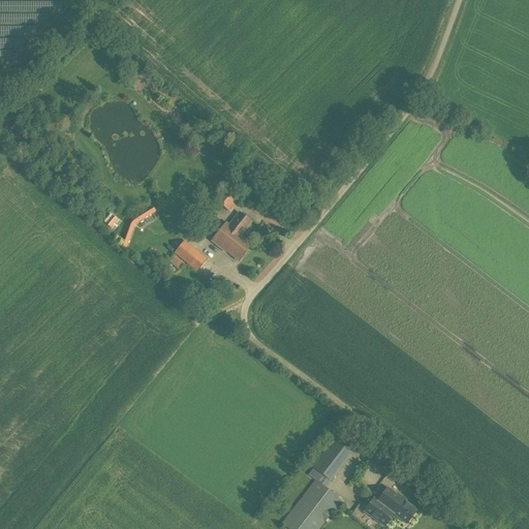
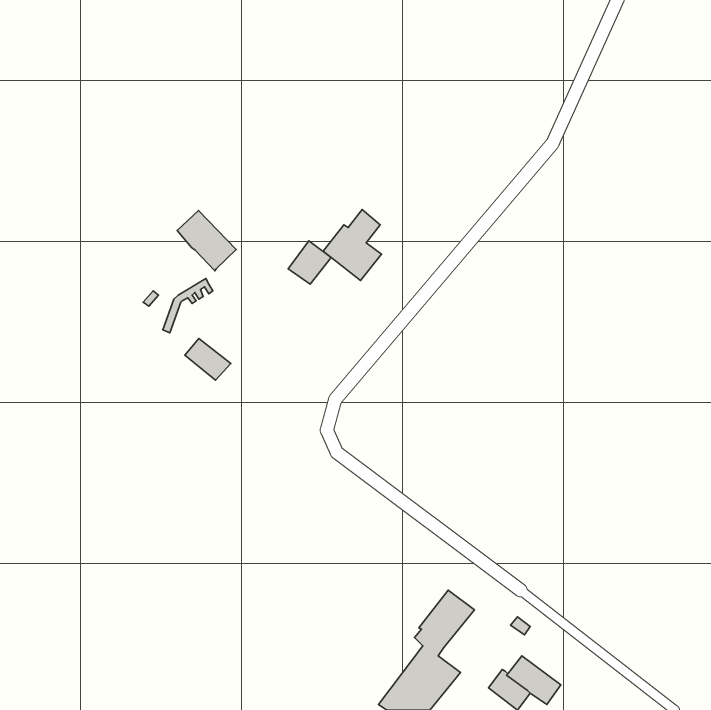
building: none -> [177,211,236,271]
building: [210,210,253,262] -> [323,209,382,280]
building: [174,240,208,271] -> [185,339,231,380]

